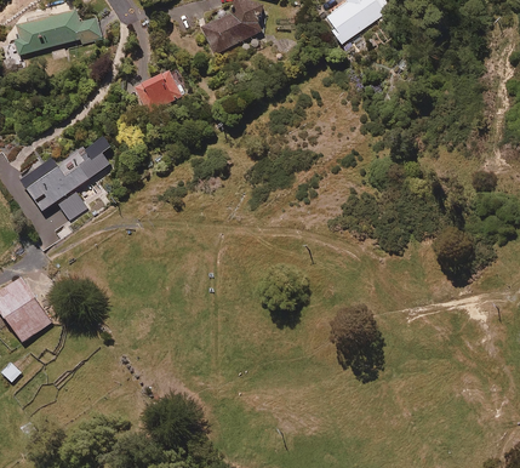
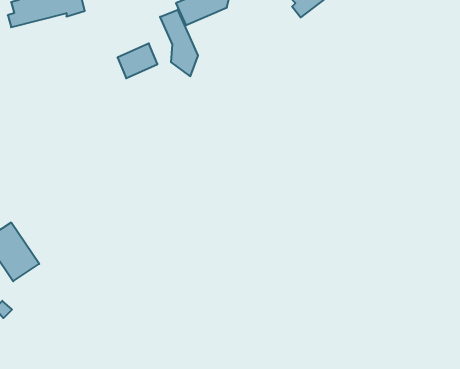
building: none -> [160,10,198,76]
building: [18,138,113,236] -> none

